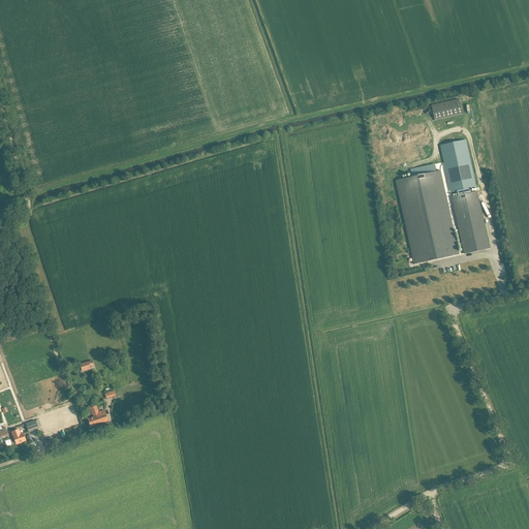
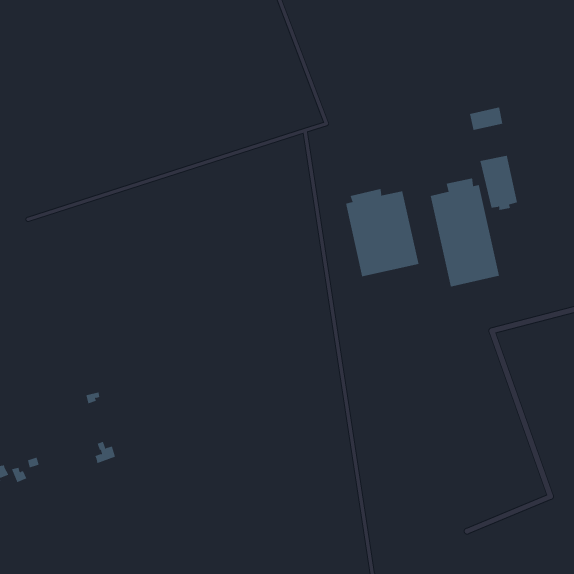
building: none -> [345,188,419,277]
building: [452,189,489,252] -> none

